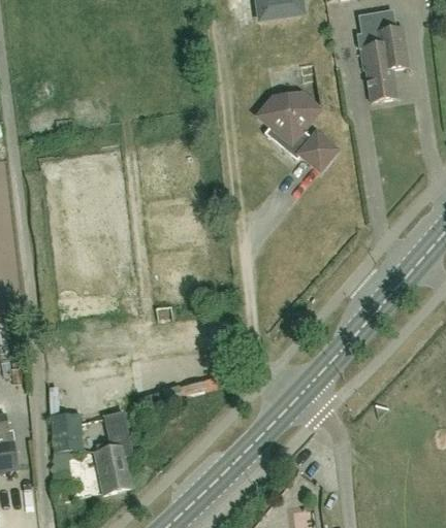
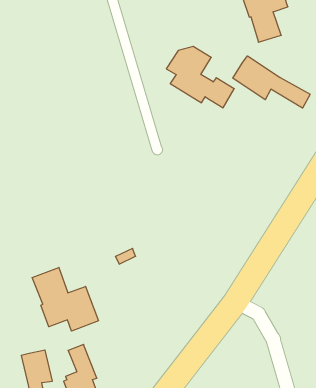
building: none -> [233,56,310,108]
building: none -> [32,267,99,331]

